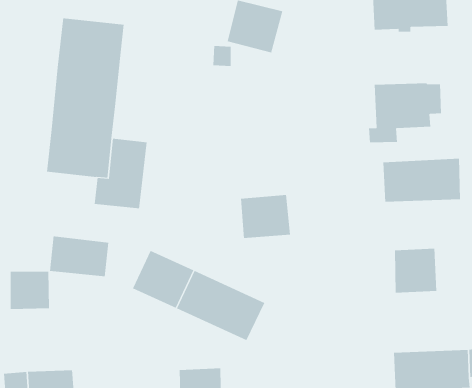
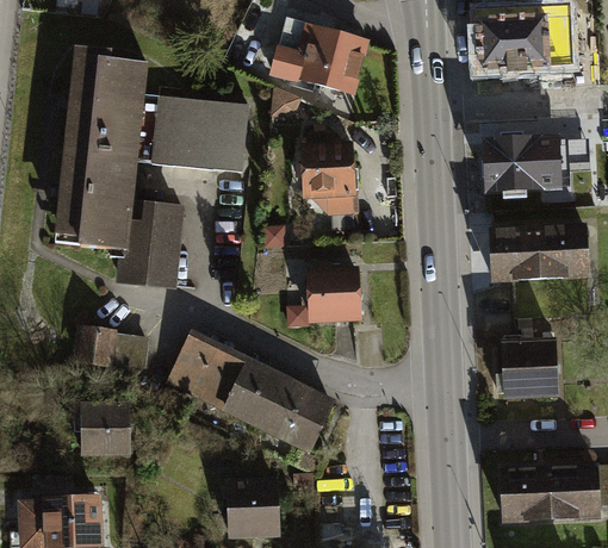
building: none -> [150,94,258,173]
building: none -> [303,147,360,195]
building: [10,271,50,309] -> [77,404,128,452]

